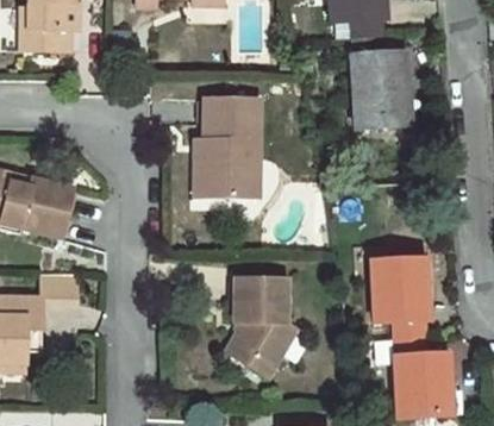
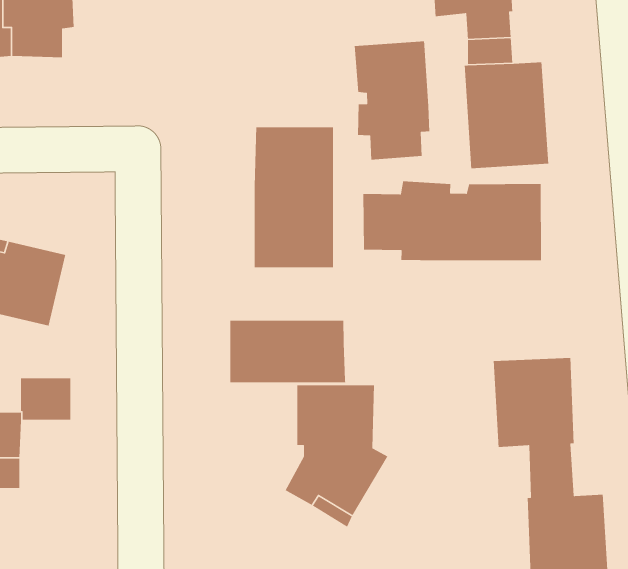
building: none -> [354,41,430,161]
building: none -> [363,181,542,261]
building: none -> [230,320,346,383]

